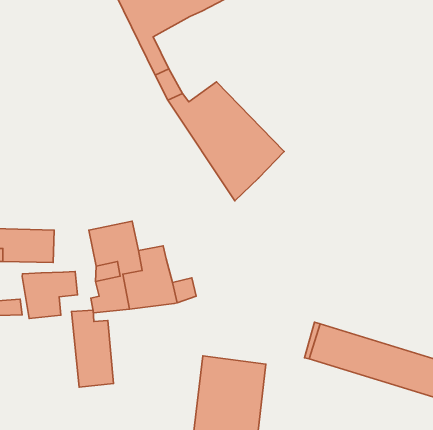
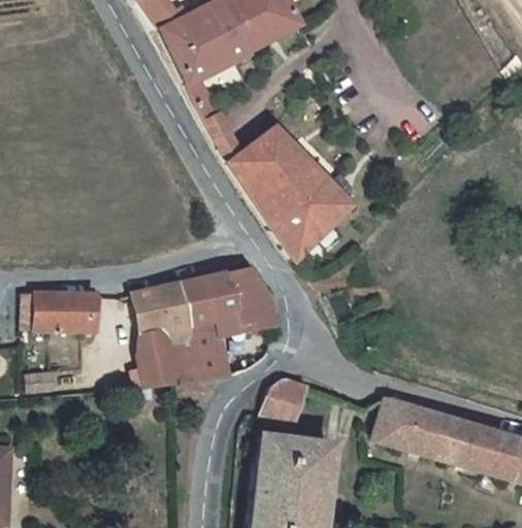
building: none -> [181,264,274,326]
building: [22,271,78,318] -> none
building: none -> [261,377,305,424]
building: [71,310,114,387] -> none

